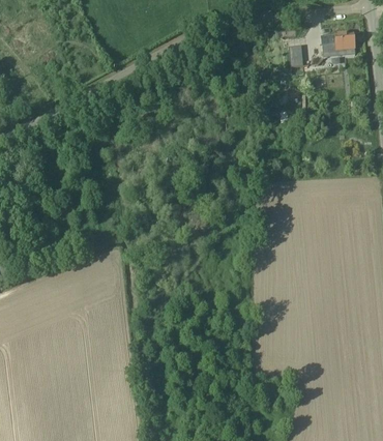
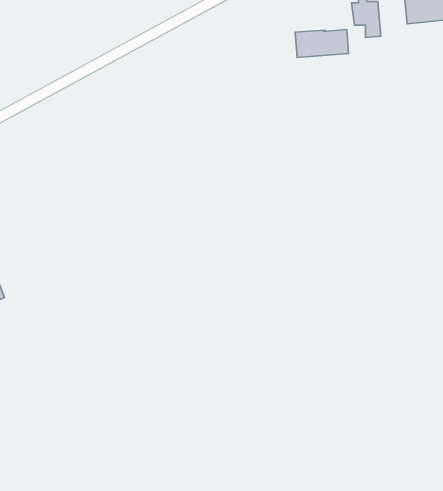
building: none -> [295,29,349,58]

